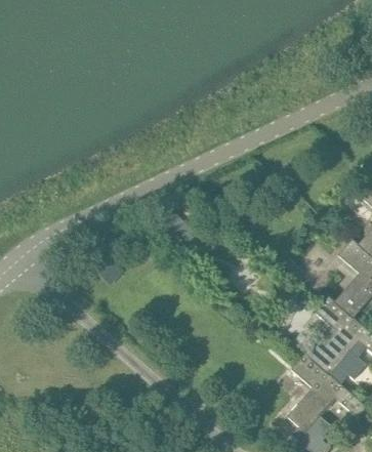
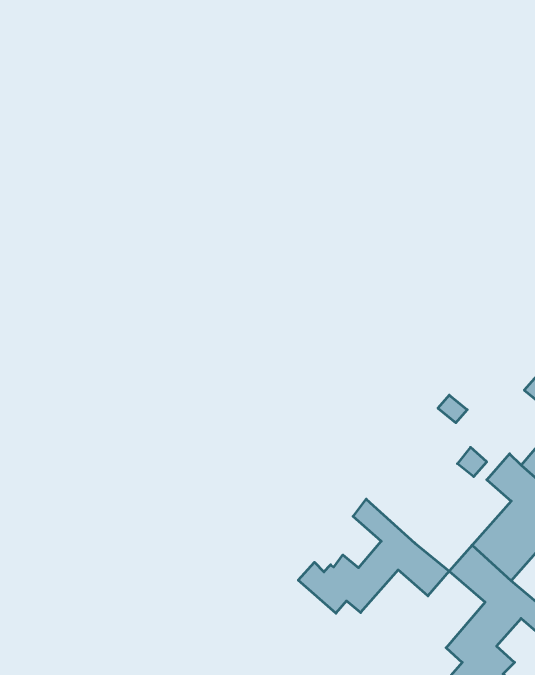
building: none -> [298,499,449,613]

